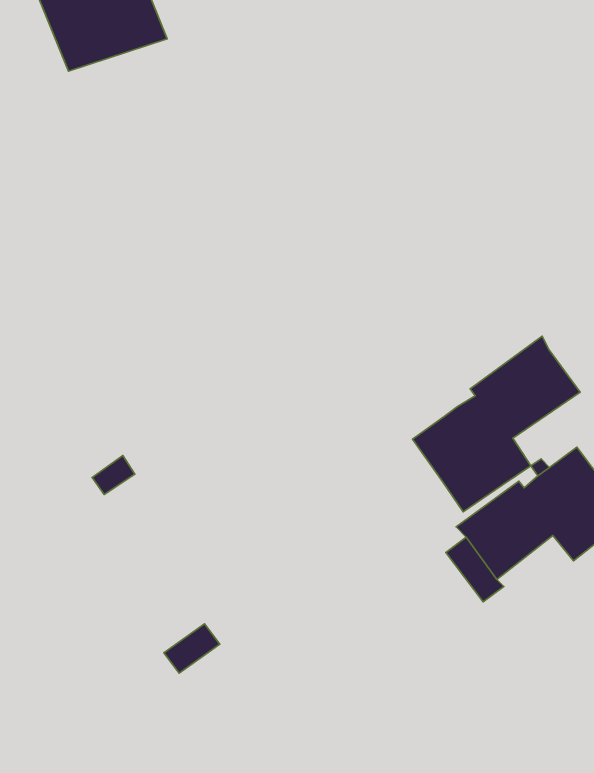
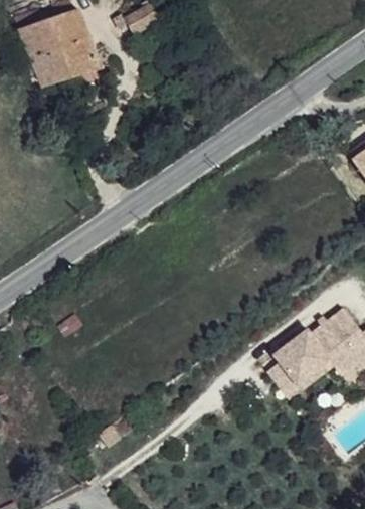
building: [413,336,580,512] -> none

